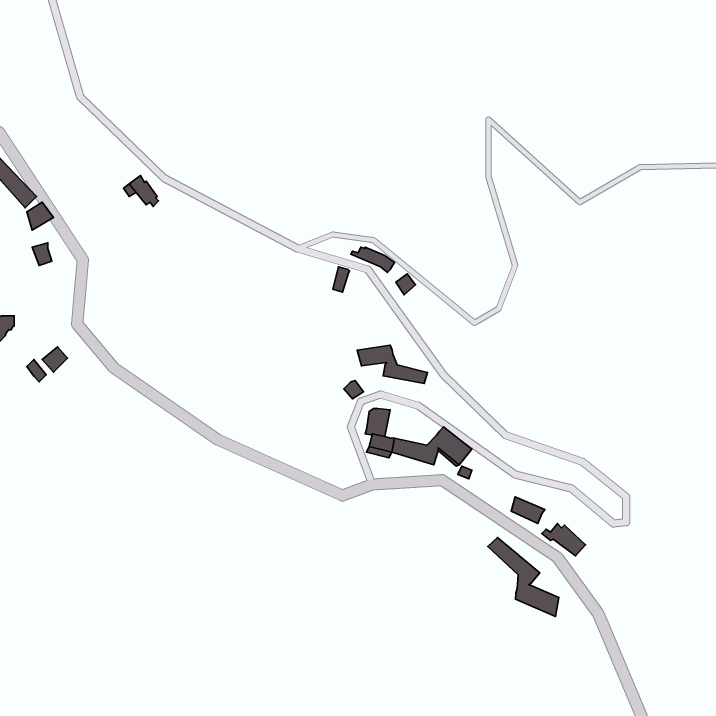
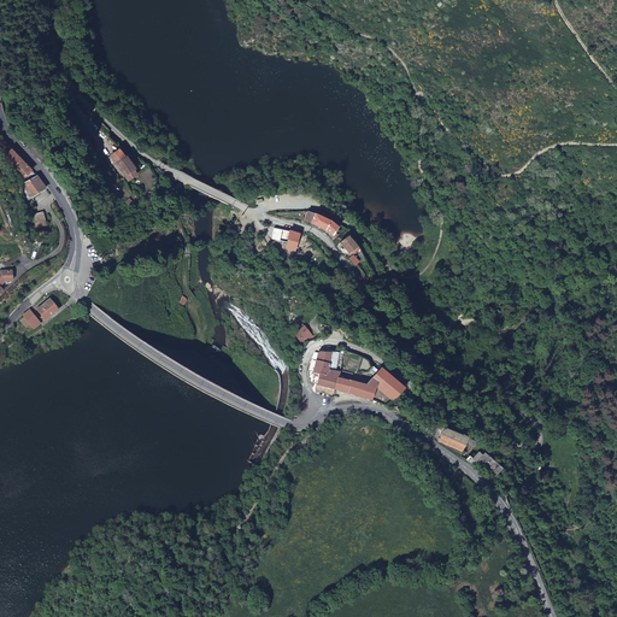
building: [357,345,427,384] -> none
building: [488,537,559,616] -> none

